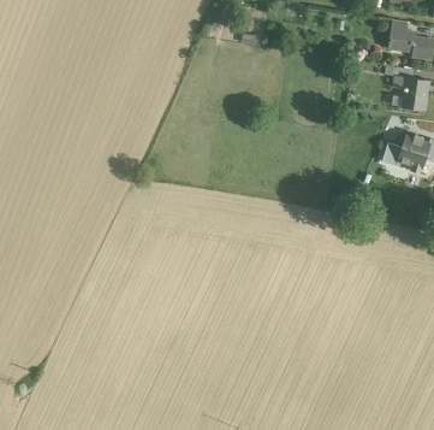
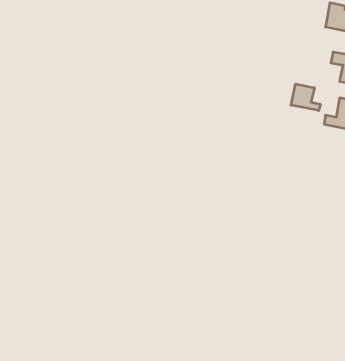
building: none -> [291,84,320,111]

